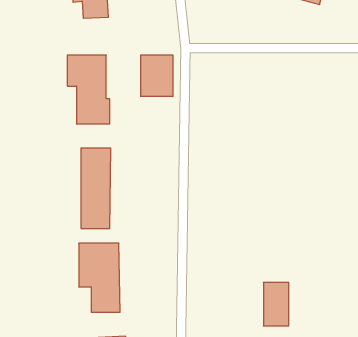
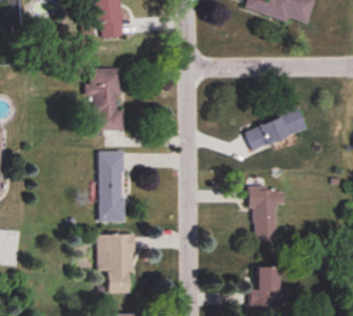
building: [141,55,173,97] -> none
building: none -> [244,108,307,149]
building: none -> [251,186,284,240]

